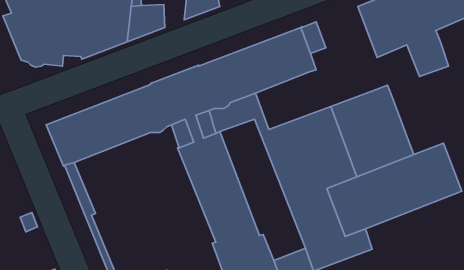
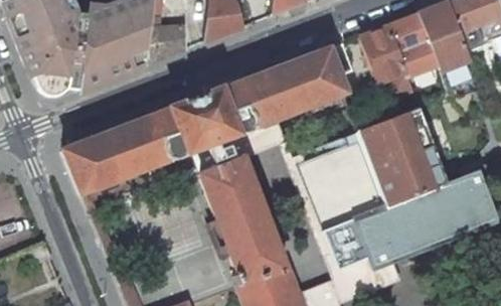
building: none -> [362,25,419,112]

